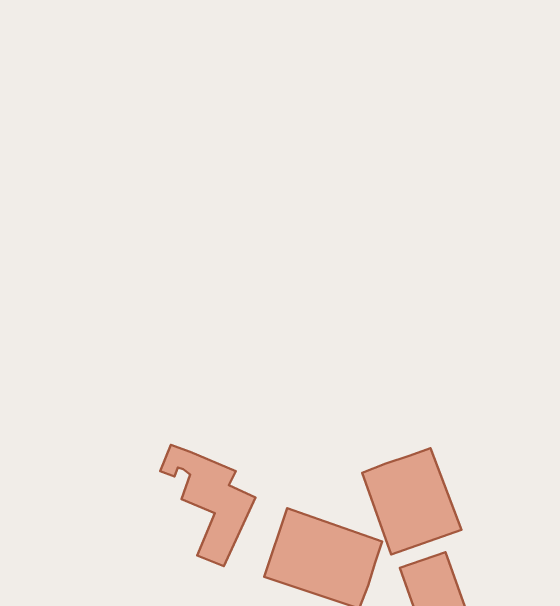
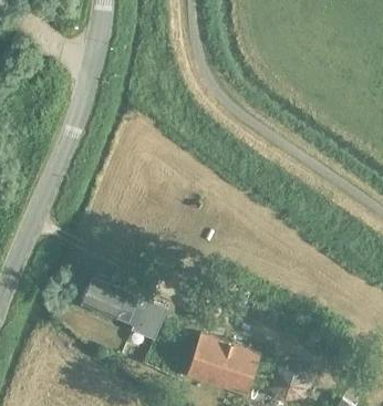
building: none -> [81,275,126,316]
building: [362,448,461,555] -> none

